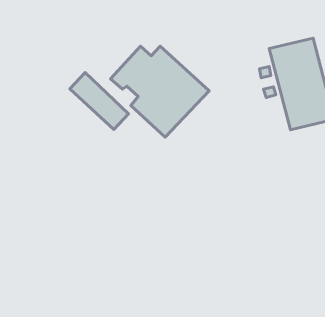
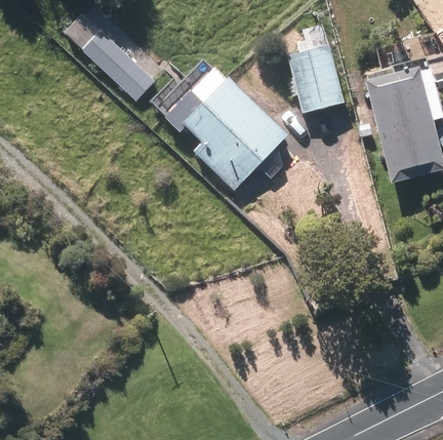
building: none -> [286,24,344,113]
building: [70,72,128,129] -> [81,29,155,101]

